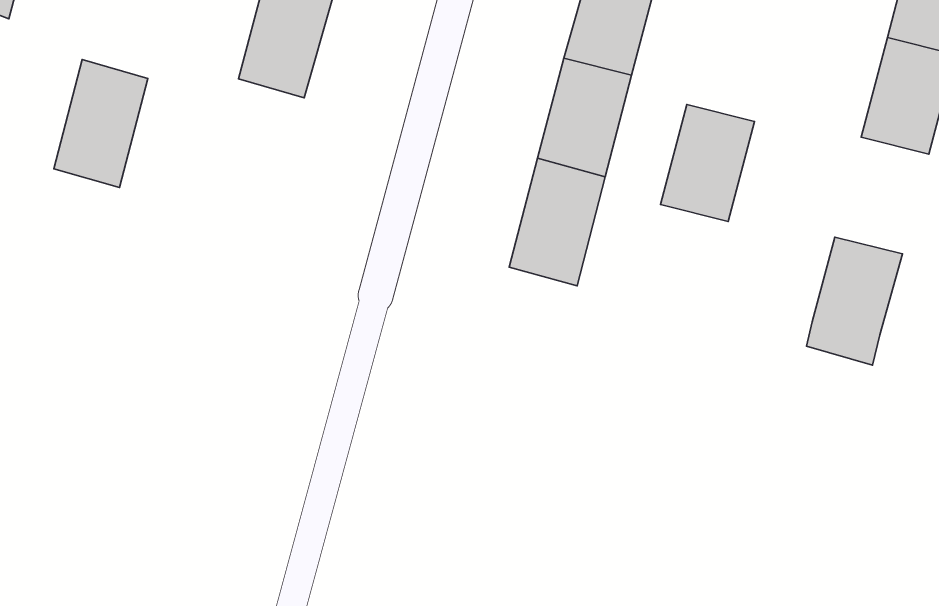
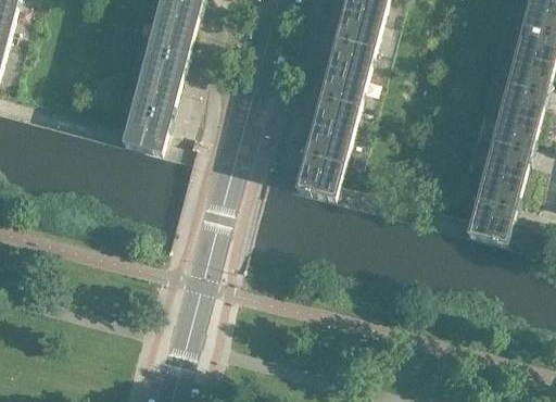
building: [54,60,148,188] -> [123,79,177,153]
building: [660,105,754,221] -> [483,113,538,180]

